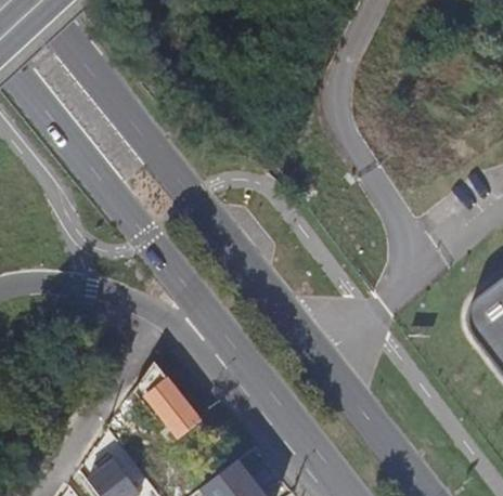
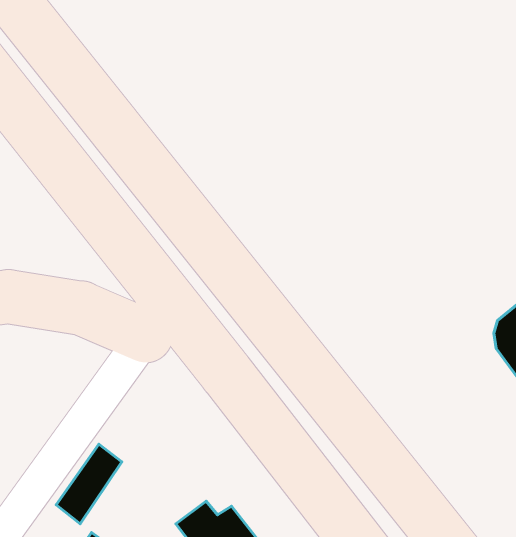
building: [140,364,204,442] -> none

